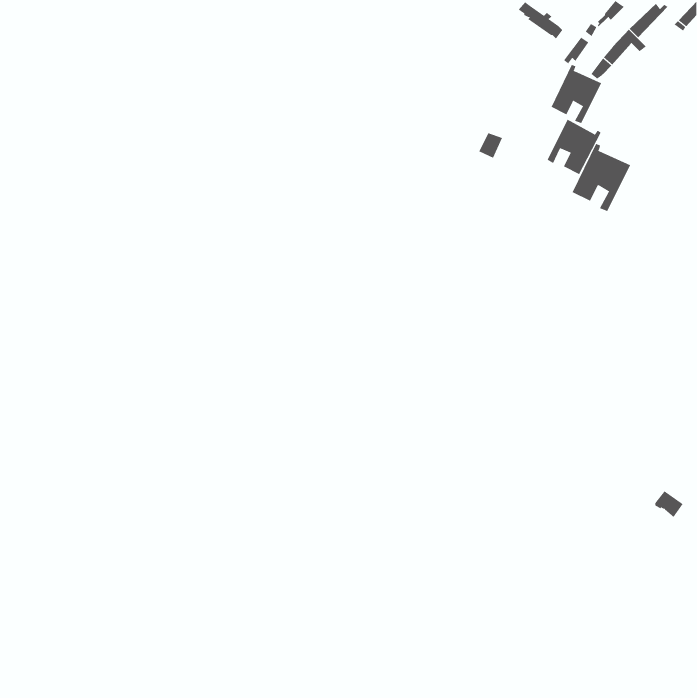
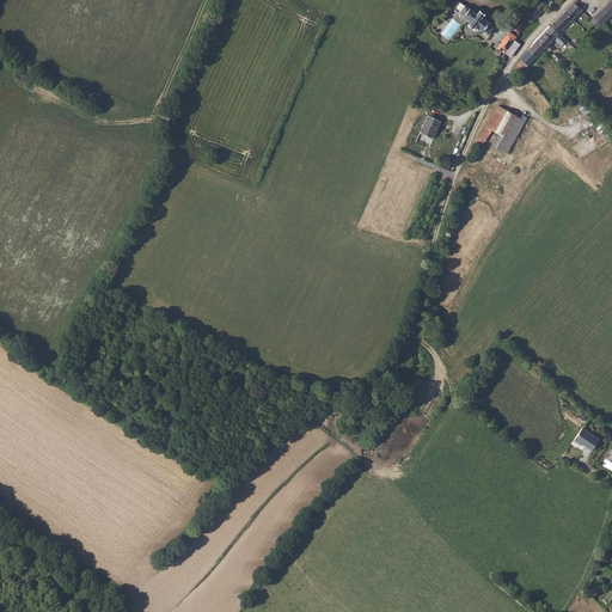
building: [551,64,602,124] -> none
building: [572,143,631,212] -> none

